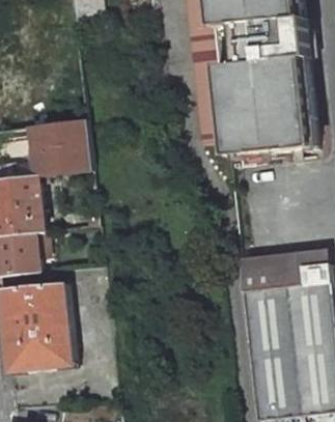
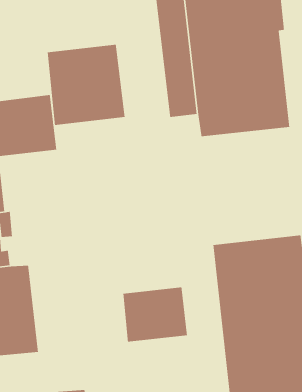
building: none -> [47,44,125,126]
building: none -> [123,287,188,342]

